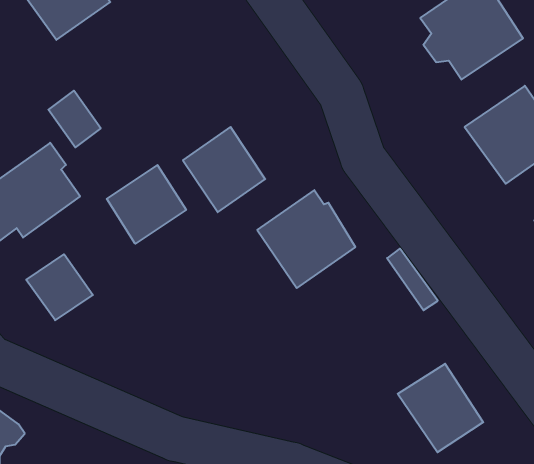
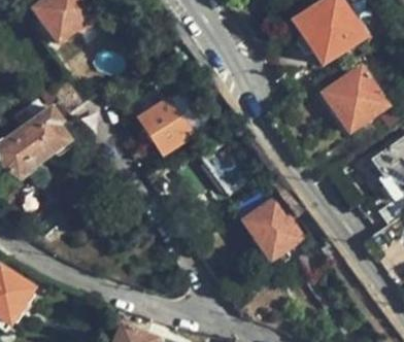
building: [107,165,186,244] -> none
building: [26,254,93,320] -> none
building: [398,364,483,452] -> [244,197,300,254]

